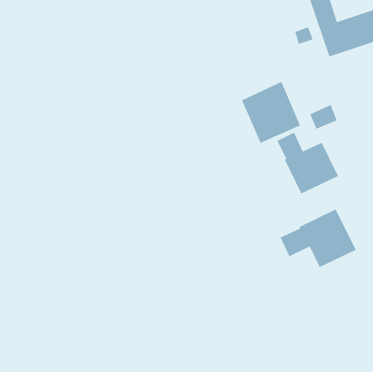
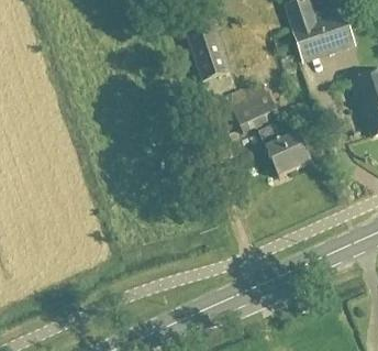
building: none -> [185,17,230,80]
building: [280,209,356,268] -> none

